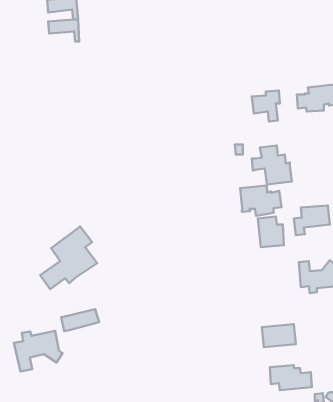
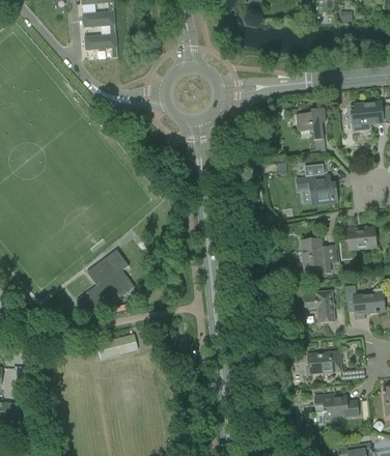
building: [240,185,282,216] -> none
building: none -> [303,290,334,322]
building: [14,331,62,372] -> none

